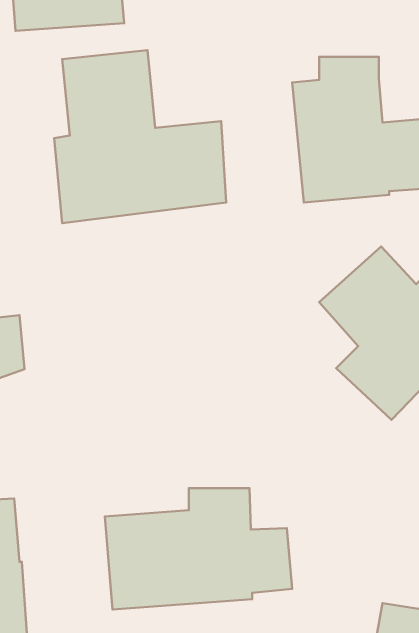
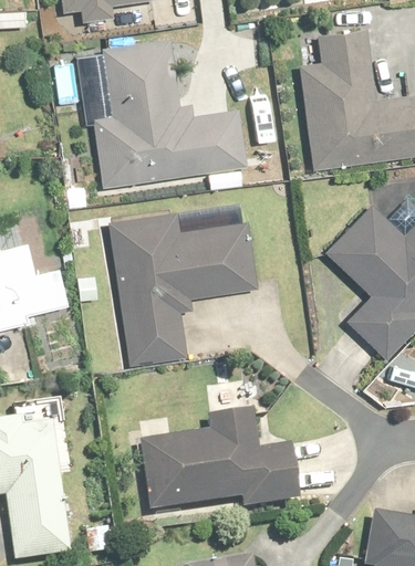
building: none -> [89,226,241,374]

